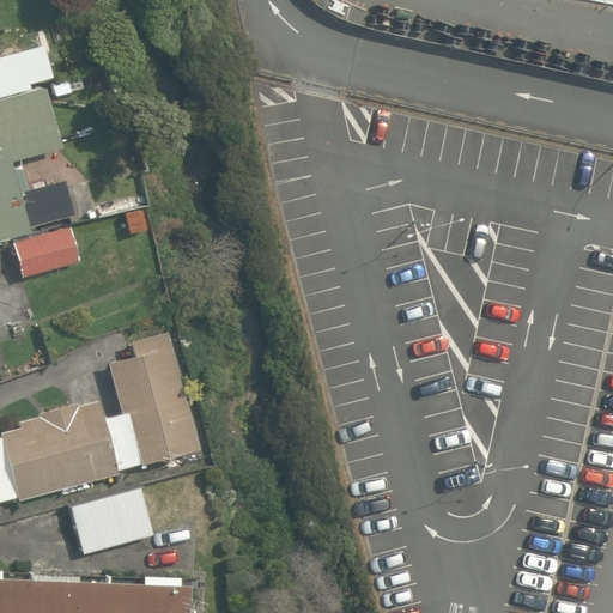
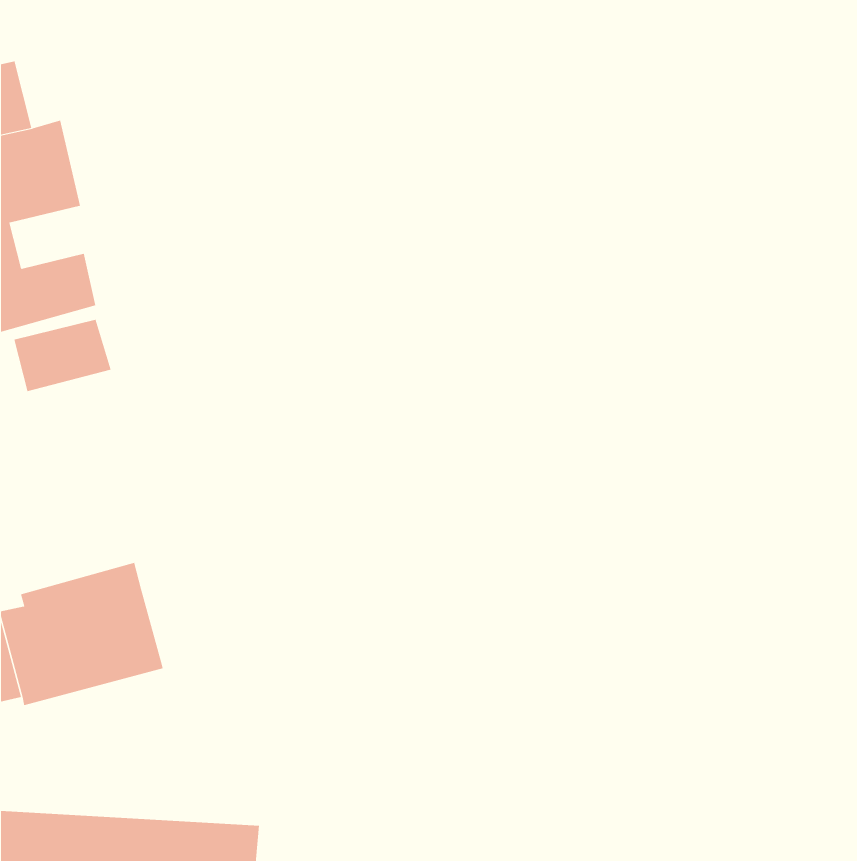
building: [104,330,196,471] -> none
building: [71,485,156,553] -> none

